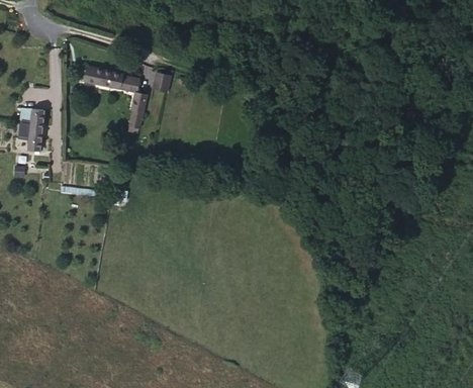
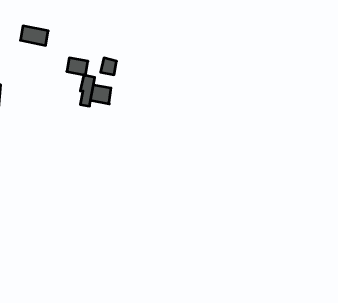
building: [85,67,118,90] -> [20,26,48,45]
building: none -> [91,85,111,104]

